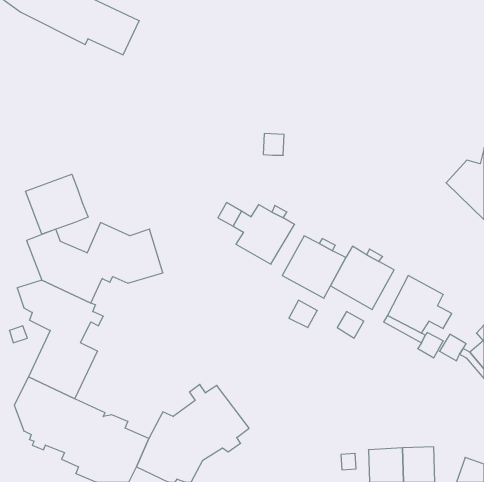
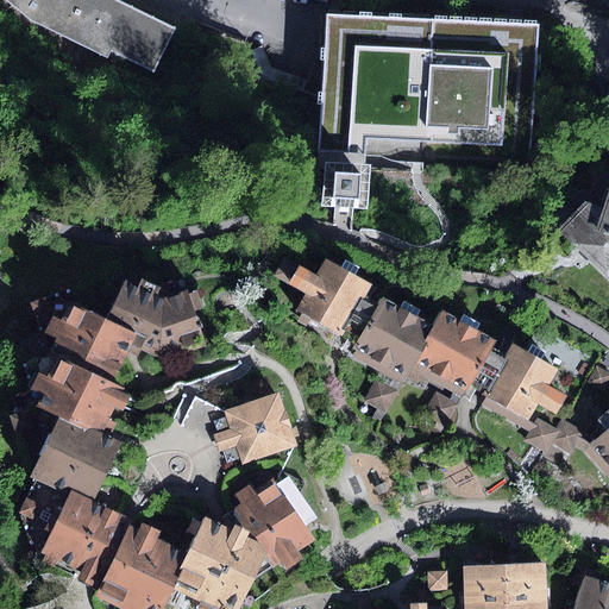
building: none -> [321,14,538,159]
building: [25,174,88,234] -> none
building: none -> [214,390,297,463]

